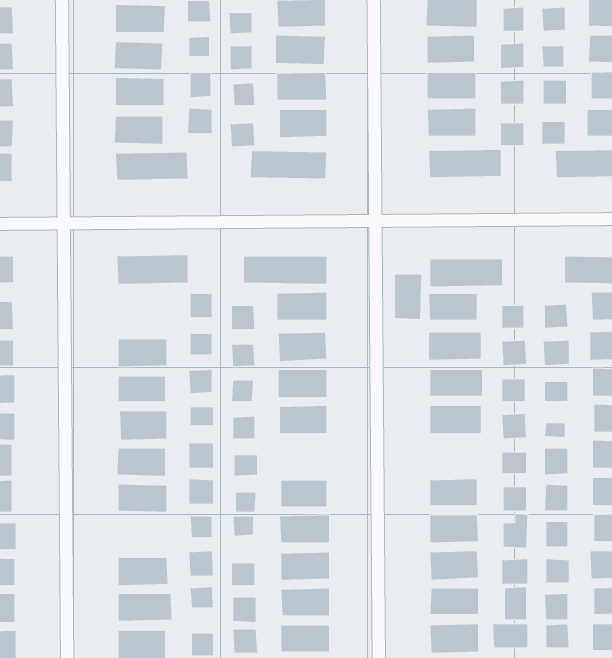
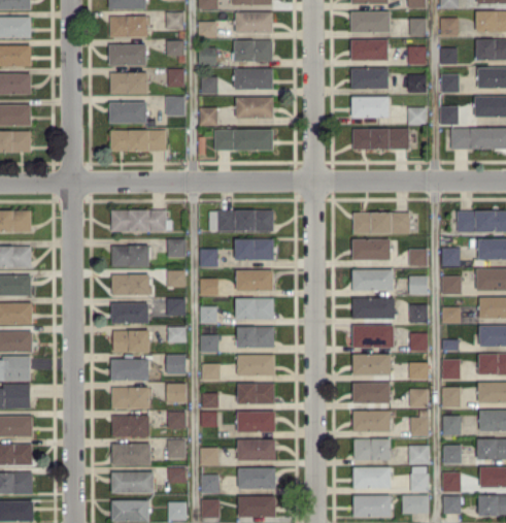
building: [394,274,422,320] -> none
building: none -> [110,246,148,267]
building: none -> [351,354,391,375]
building: none -> [236,355,274,375]
building: none -> [111,415,149,437]

